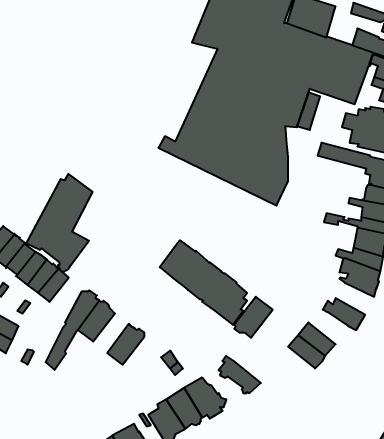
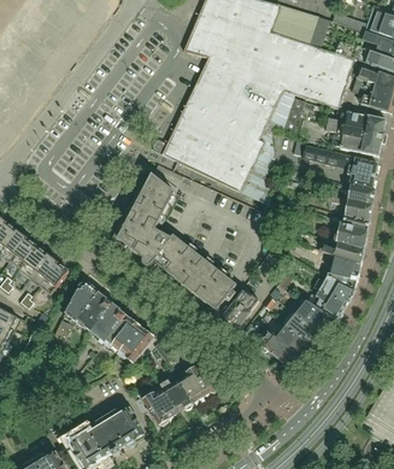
building: [26,174,93,272] -> [111,175,174,266]
building: none -> [313,275,355,305]
building: none -> [293,298,330,333]
building: none -> [90,303,124,341]
building: none -> [118,326,153,363]
building: [219,356,261,393] -> [259,330,299,365]

